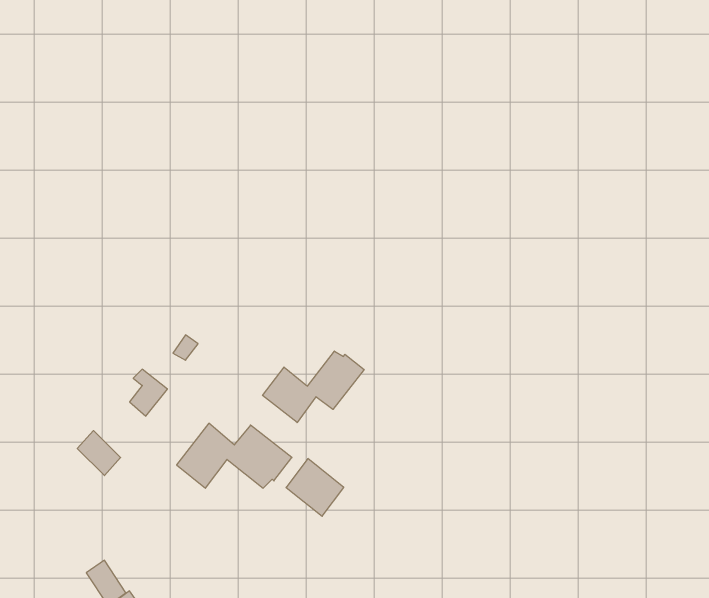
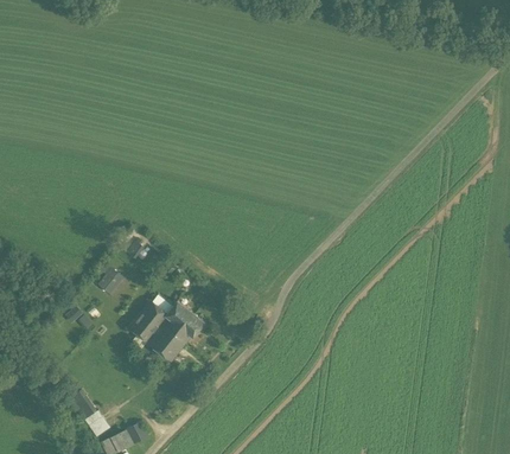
building: [263,351,364,423] -> none
building: [286,459,344,516] -> [147,324,185,362]

